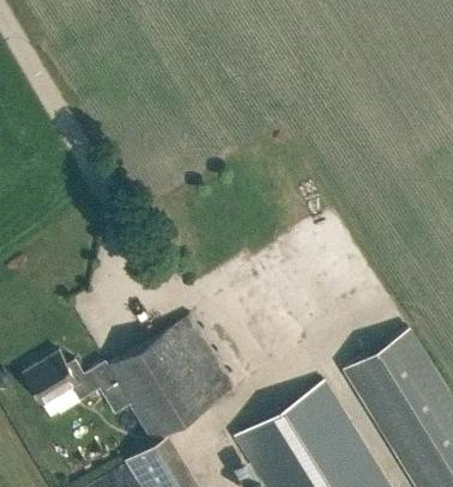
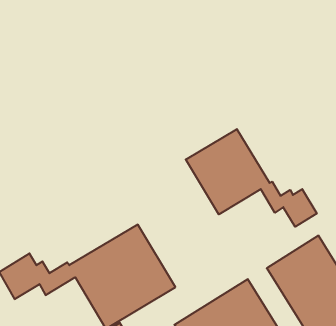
building: none -> [186,129,317,227]

